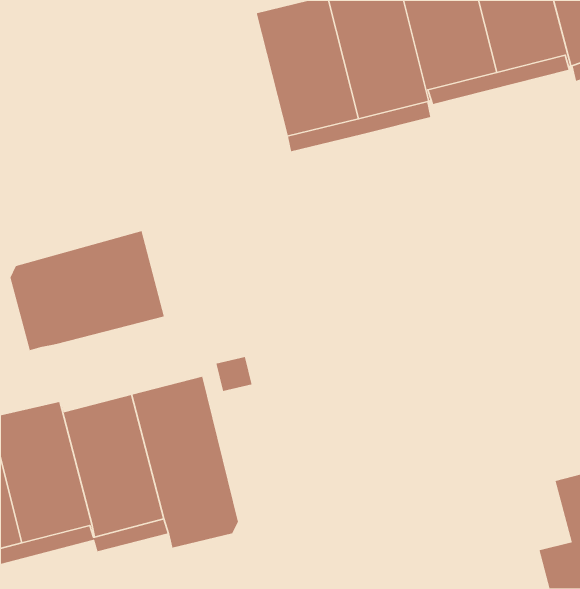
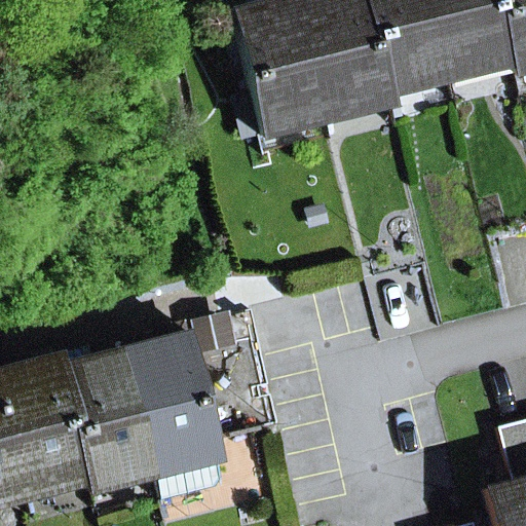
building: [10,230,165,351] -> none

